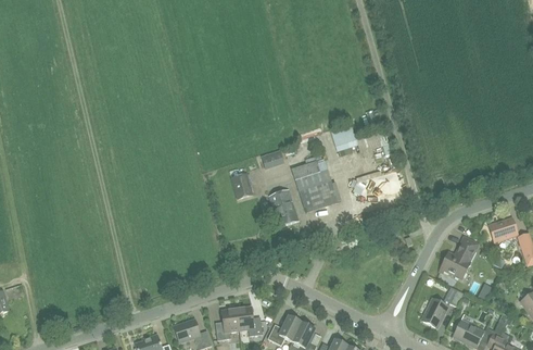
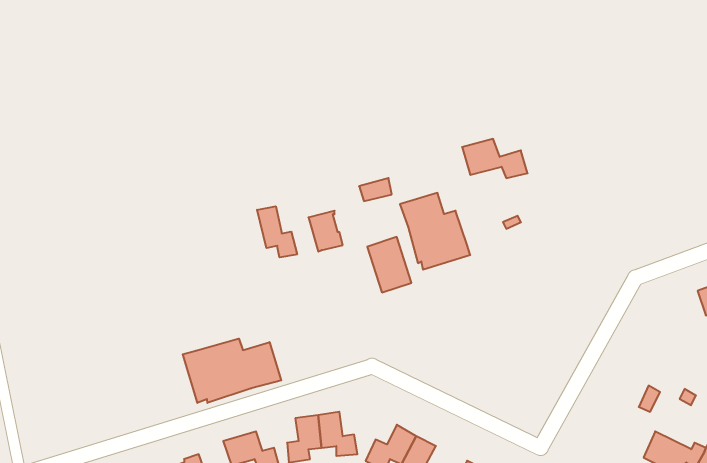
building: none -> [257,206,297,257]
building: [439,236,477,278] -> none
building: none -> [183,339,281,403]
building: [420,298,446,327] -> none

